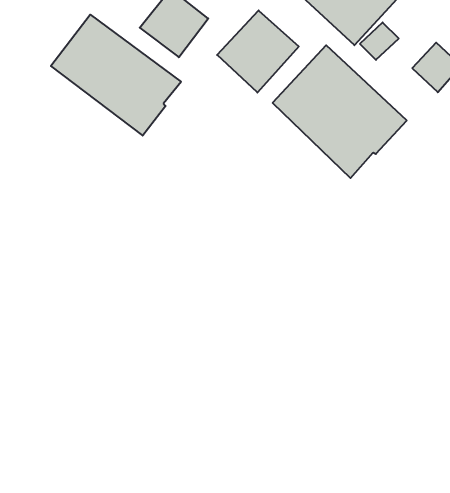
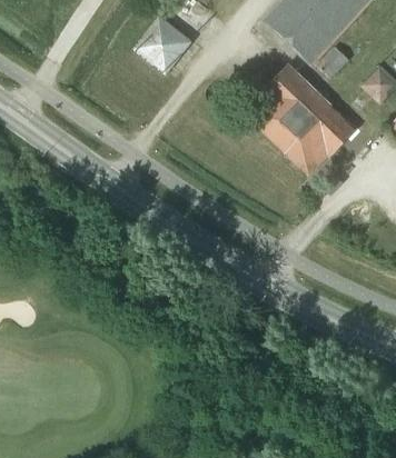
building: [217,10,299,93] -> none
building: [51,15,181,136] -> none

